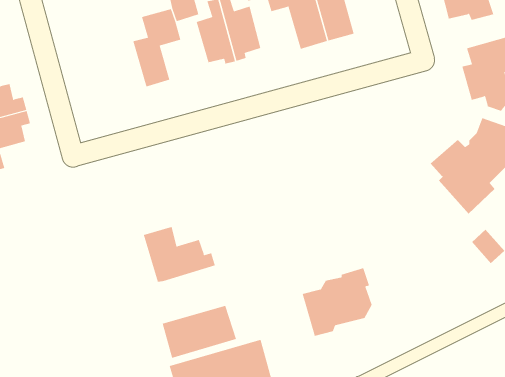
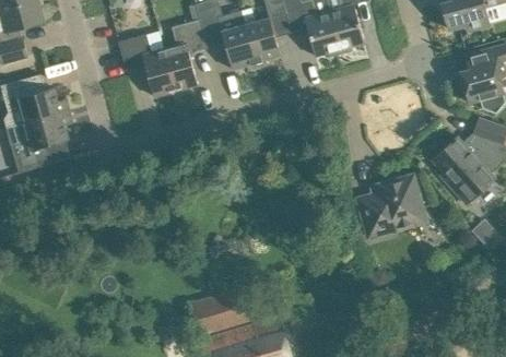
building: none -> [118,33,176,96]
building: [143,226,215,283] -> none
building: [302,267,372,336] -> [357,174,421,236]

